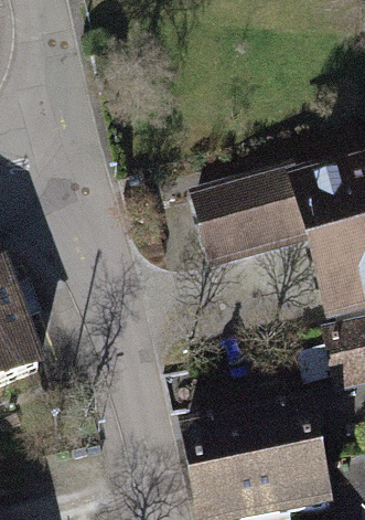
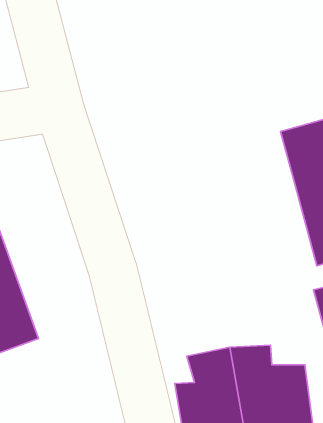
building: [192,173,304,264] -> none

